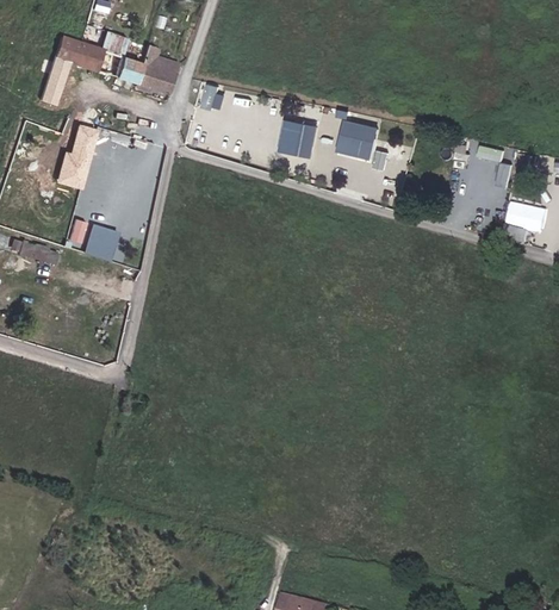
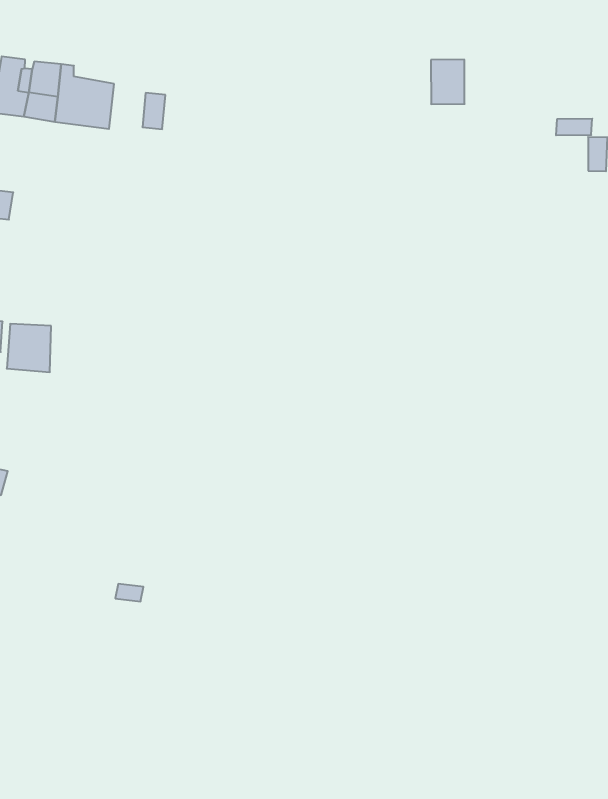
building: [279,116,306,151] -> none
building: [337,119,365,152] -> [431,60,465,104]

